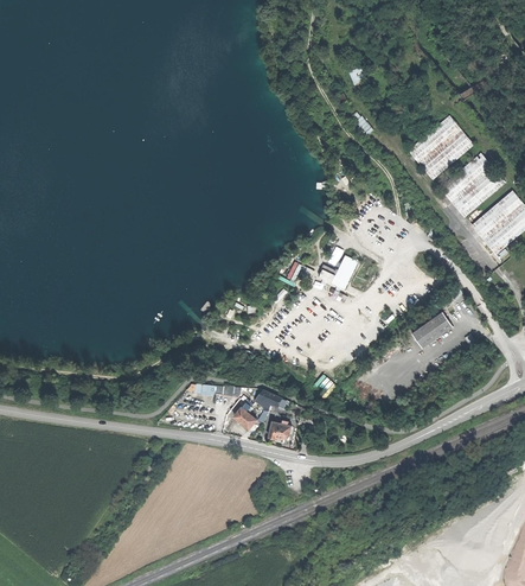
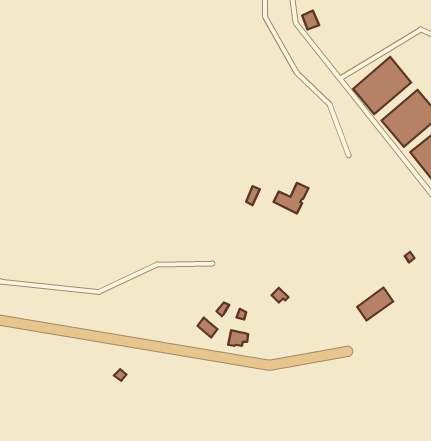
building: [412,312,453,349] -> [357,288,393,320]

